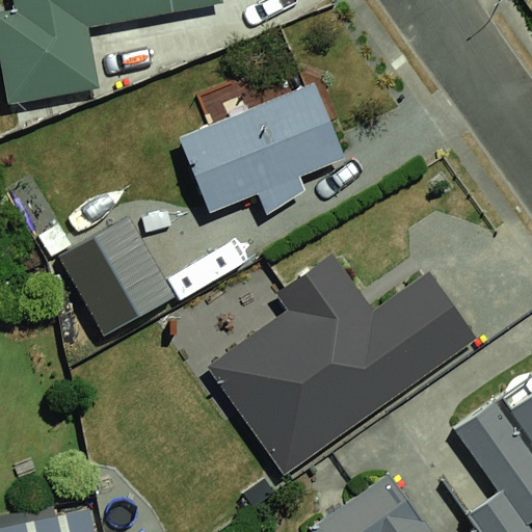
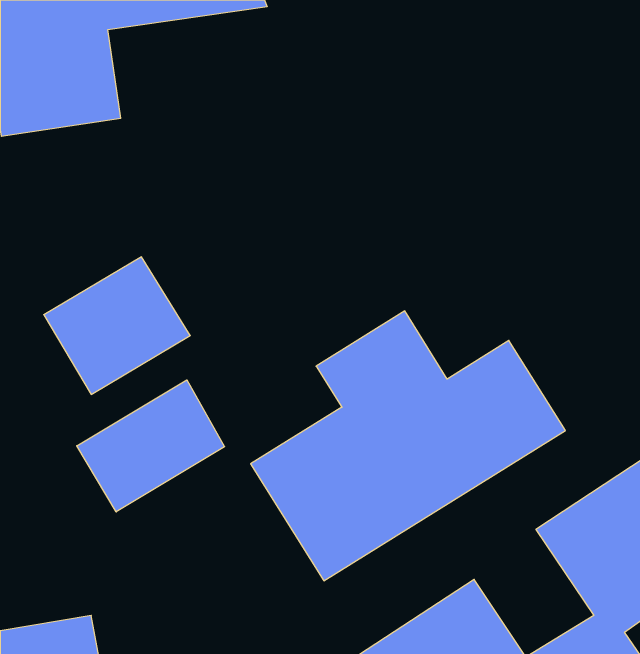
building: [177,74,354,217] -> none
building: none -> [77,380,225,512]

